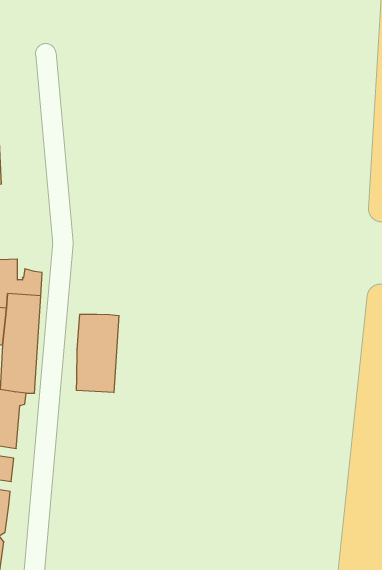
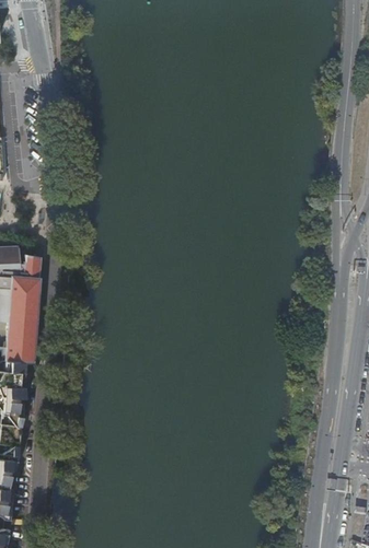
building: [76,314,119,393] -> none

